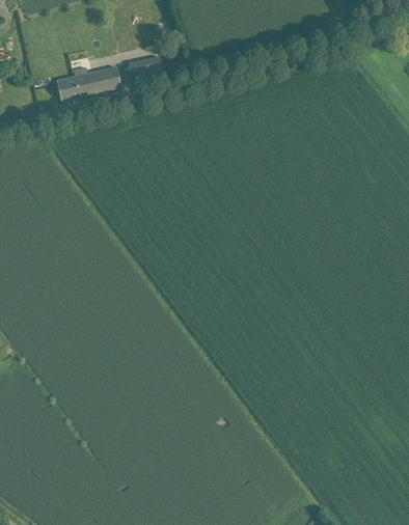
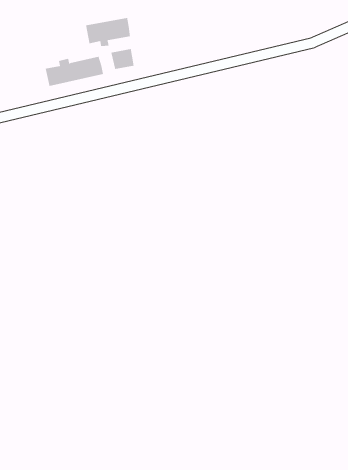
building: none -> [85,17,131,47]

